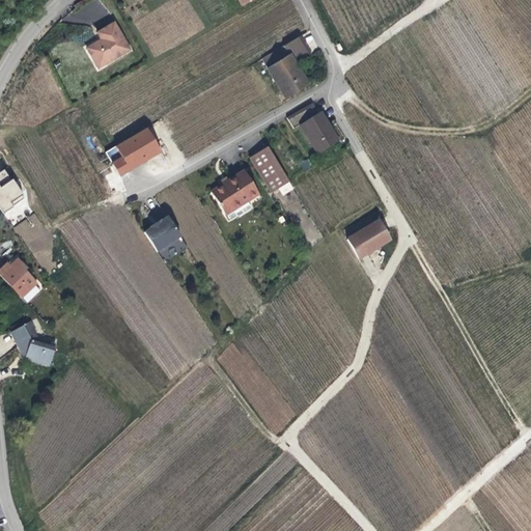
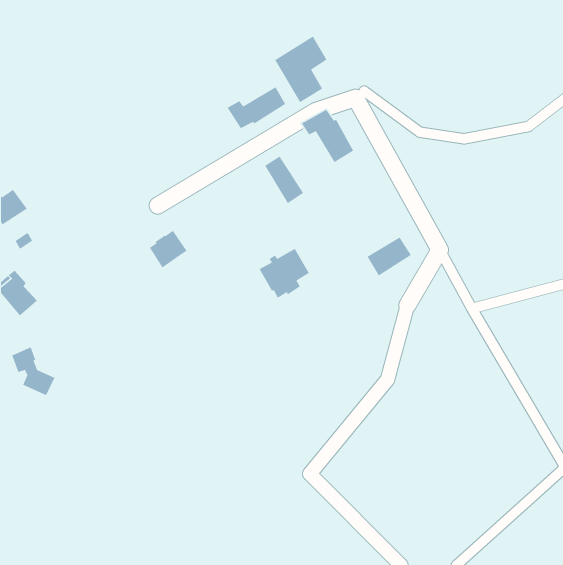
building: [86,24,130,69] -> none
building: none -> [226,86,286,129]
building: [110,124,167,174] -> none
building: [211,170,258,218] -> [259,248,310,299]

